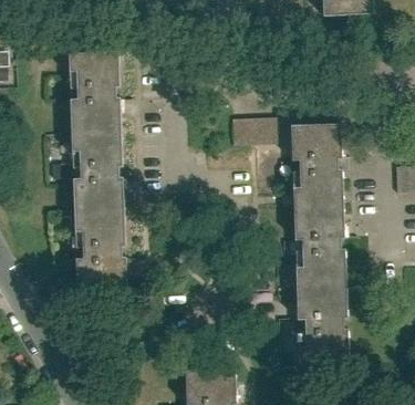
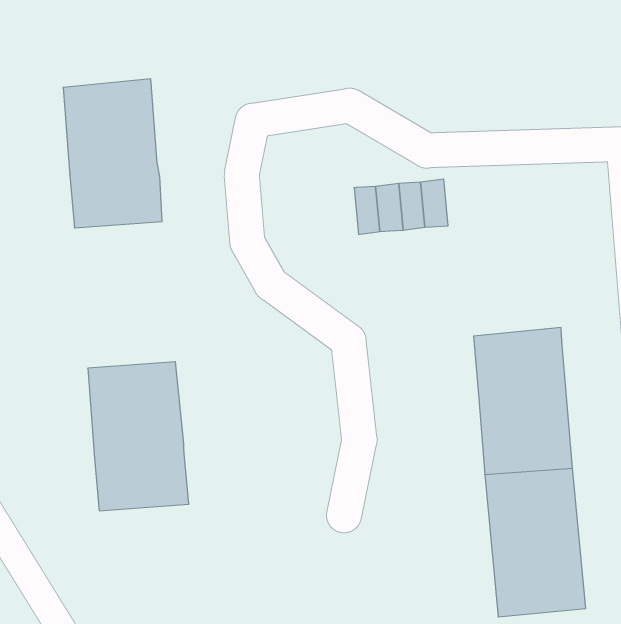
building: [290,123,343,206] -> none
building: [71,132,124,212] -> none

